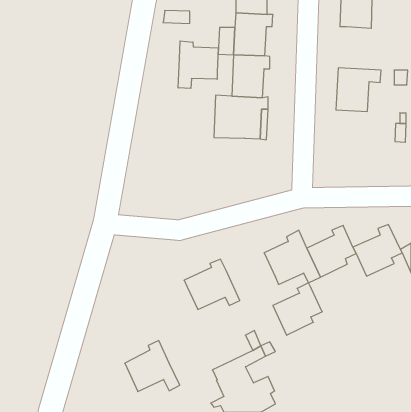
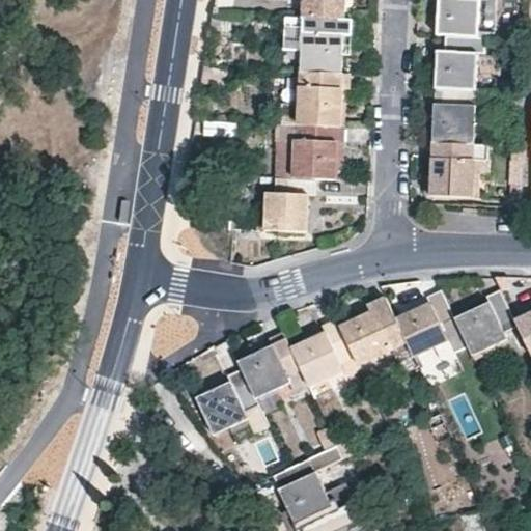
building: none -> [435,34,483,89]
building: [178,41,218,88] -> none
building: none -> [430,141,478,196]
building: none -> [264,176,314,231]
building: [273,283,322,335] -> [290,318,354,386]
building: [125,341,180,392] -> [197,368,268,434]

